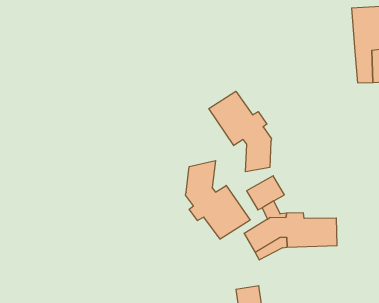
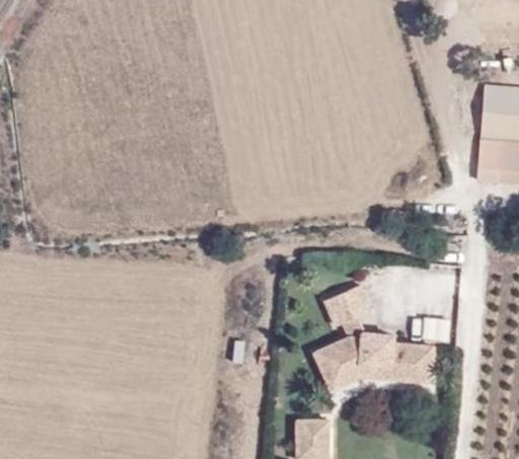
building: [209,91,271,172] -> none
building: [185,161,250,239] -> none

